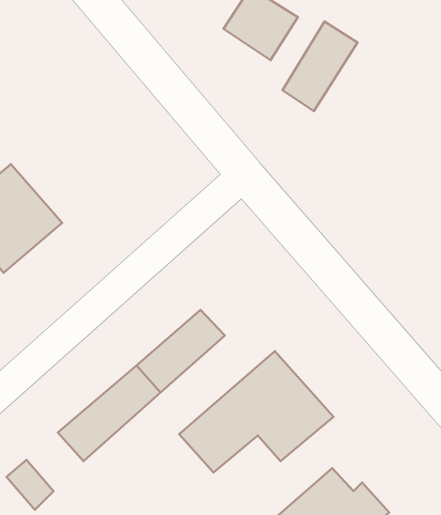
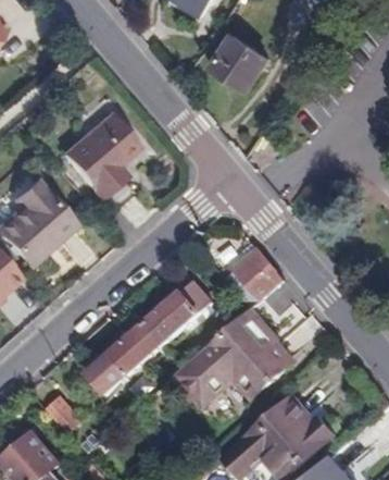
building: [282,22,357,111] -> none
building: none -> [64,116,136,206]
building: none -> [233,250,283,303]

